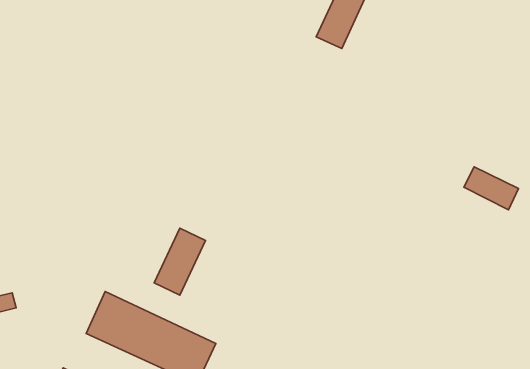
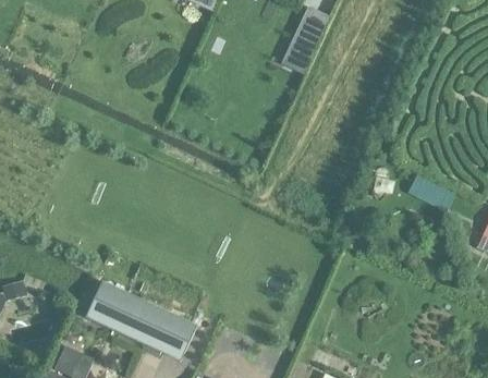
building: [154,228,205,295] -> none

